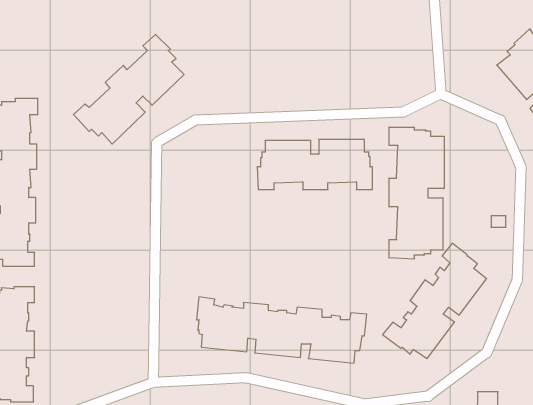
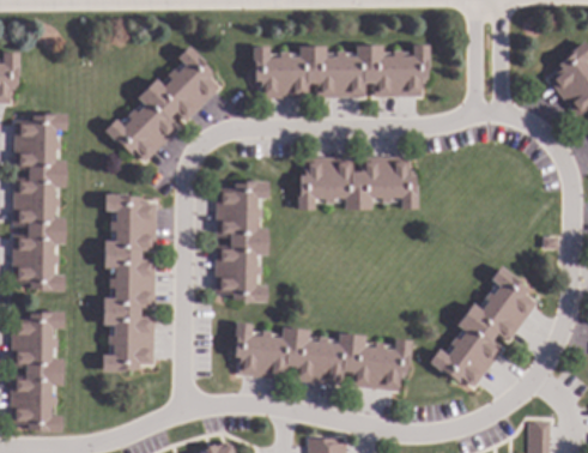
building: none -> [251,46,429,99]
building: [389,127,444,259] -> none
building: none -> [214,181,267,301]
building: none -> [102,194,156,370]

